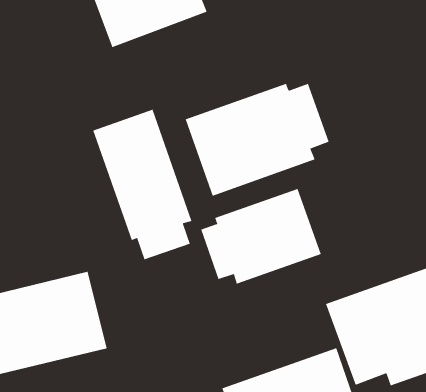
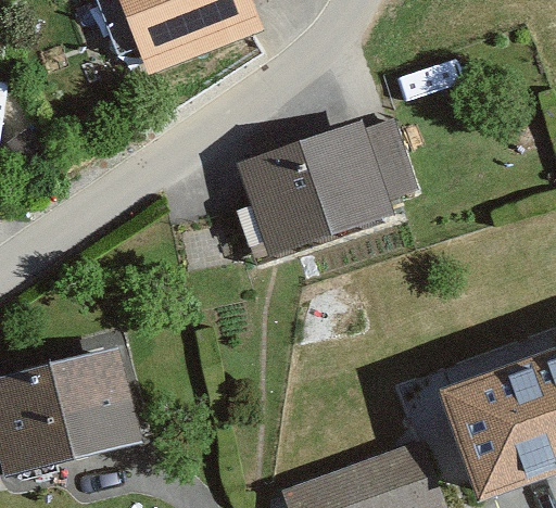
building: [92,109,192,260] -> none
building: [201,188,321,284] -> none

